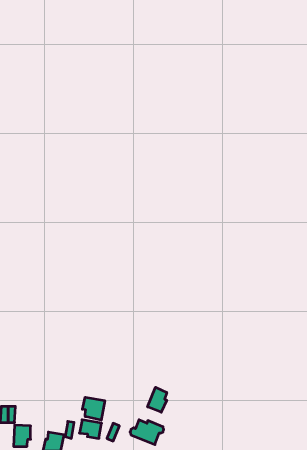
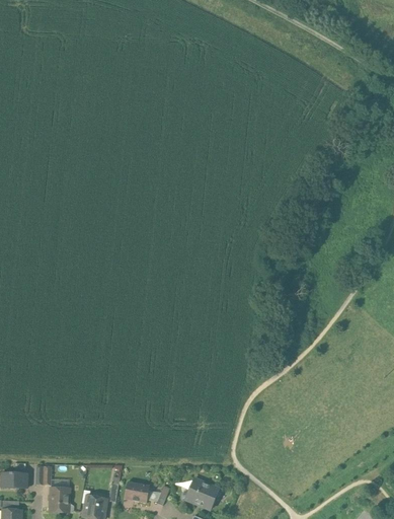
building: [148,387,167,412] -> none
building: [82,397,105,420] -> none

